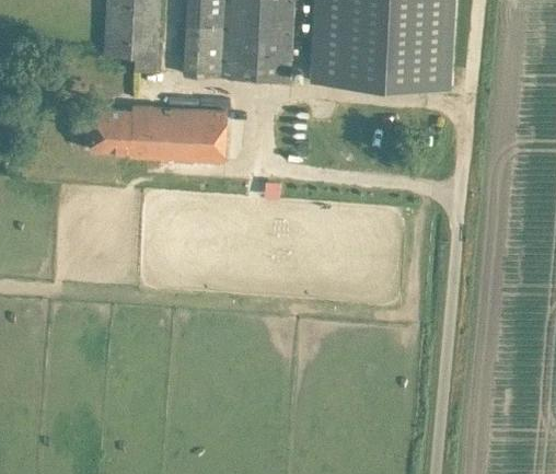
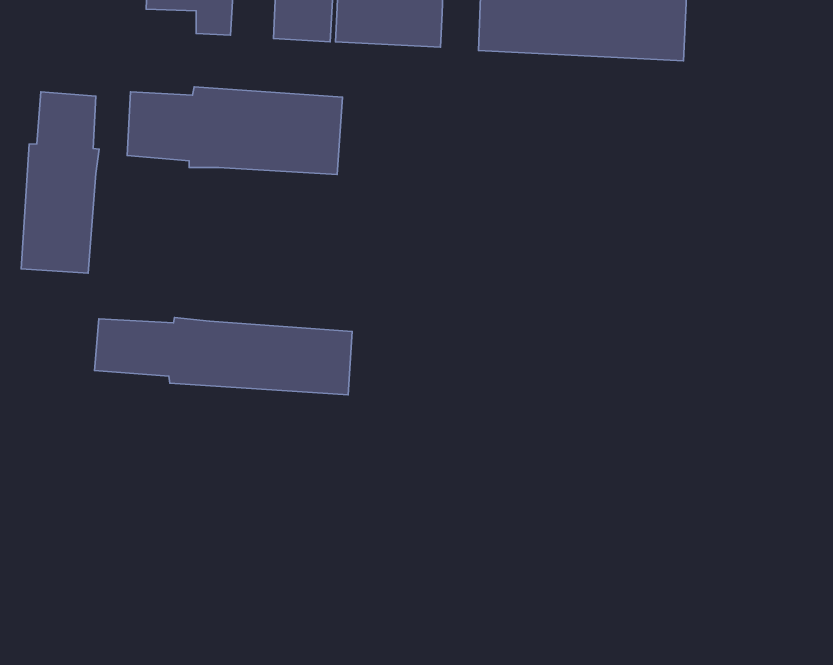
building: none -> [21,92,99,273]
building: none -> [94,317,352,395]

